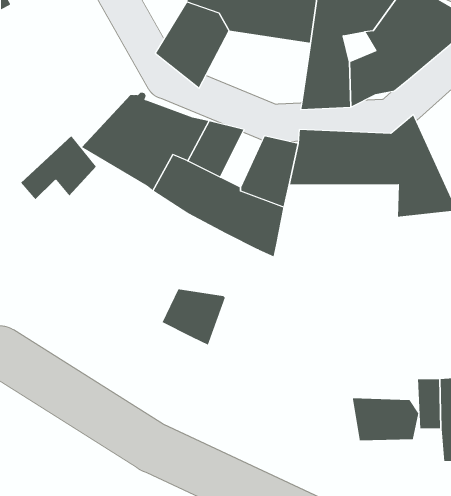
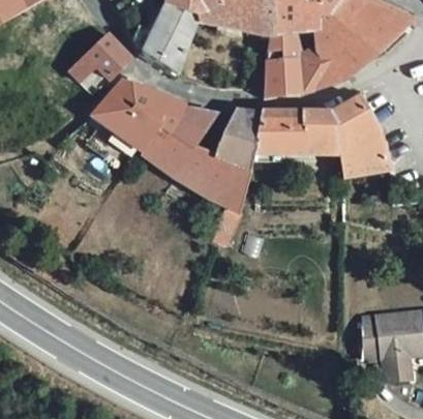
building: [20,135,97,200] -> [67,28,130,82]
building: [162,288,226,345] -> none
building: [352,398,419,441] -> none

